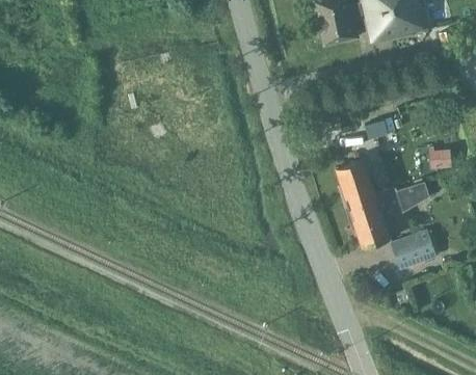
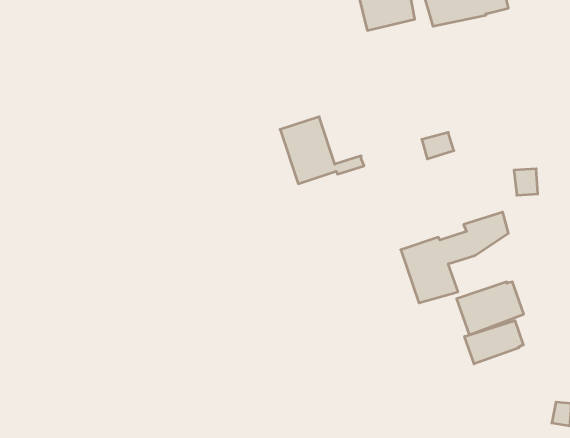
building: [334,158,396,208] -> [280,117,364,184]
building: none -> [465,321,523,364]

